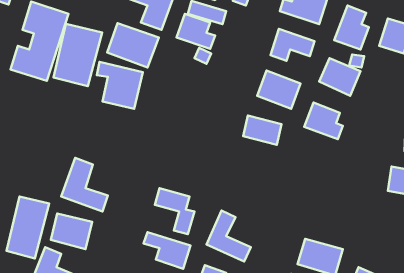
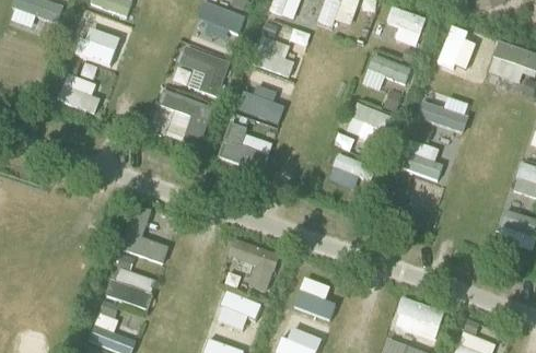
building: [53,24,102,86] -> none
building: none -> [235,84,282,123]
building: none -> [217,125,273,174]
building: [6,196,49,258] -> none

